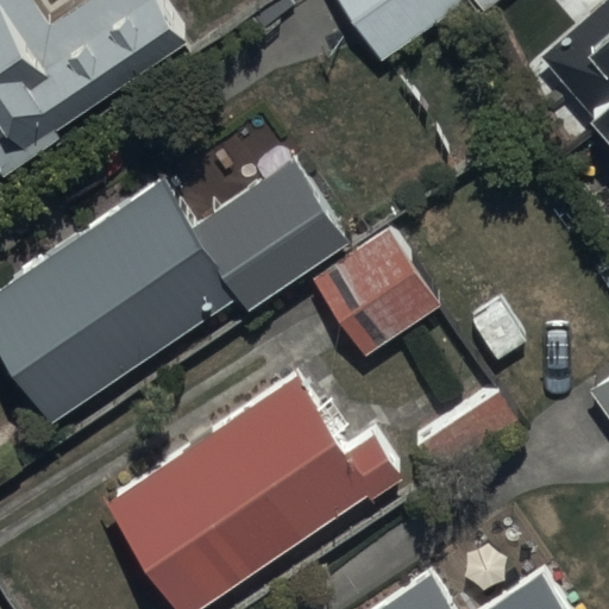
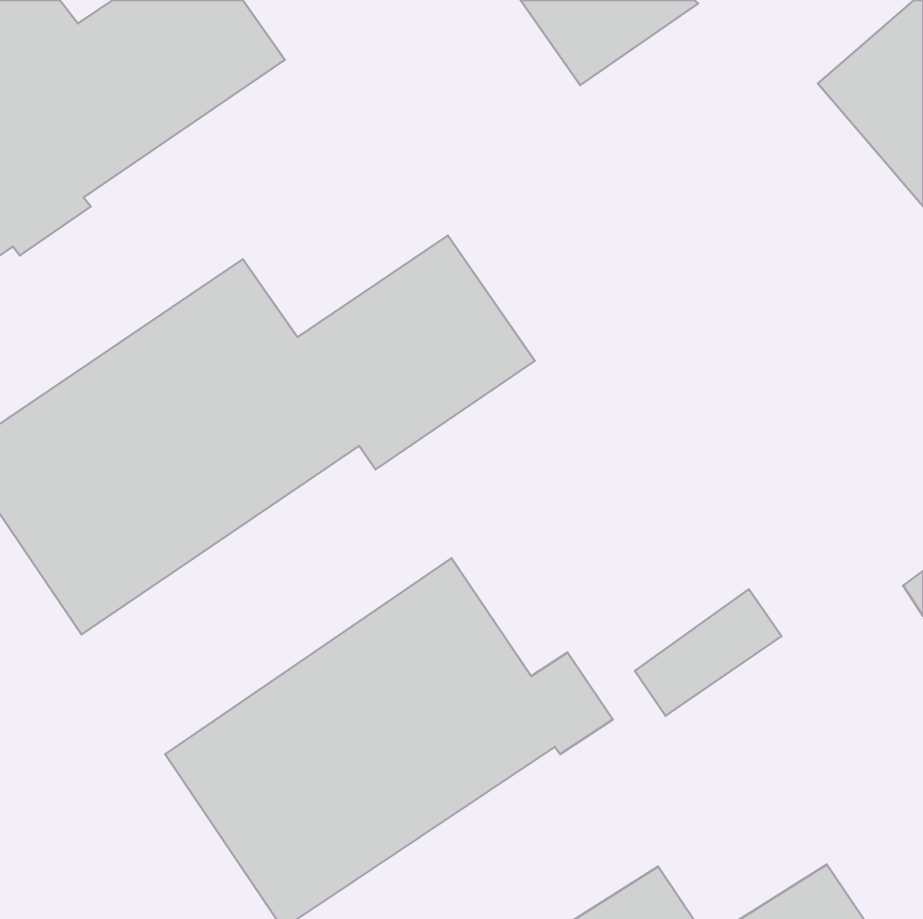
building: [313,230,440,358] -> none

